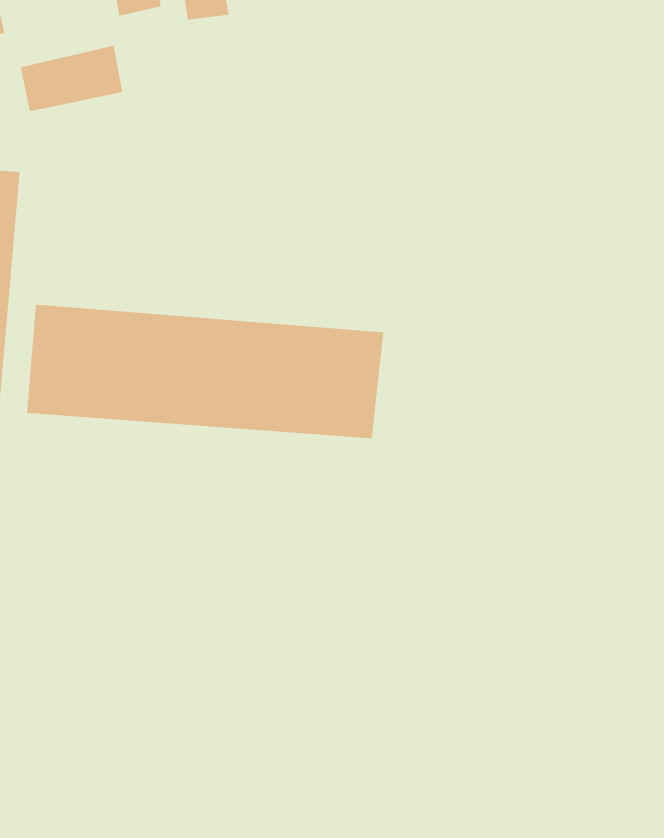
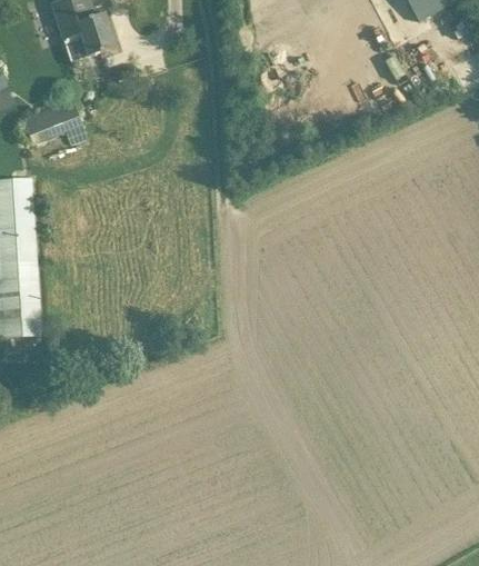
building: [26,304,384,439] -> none

